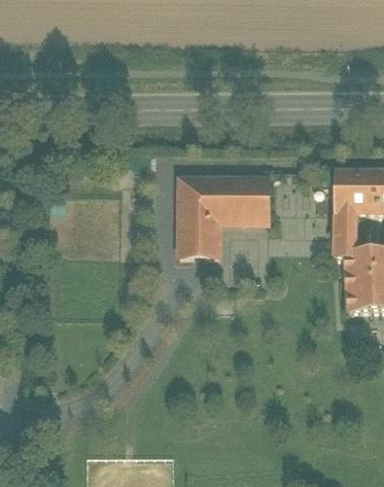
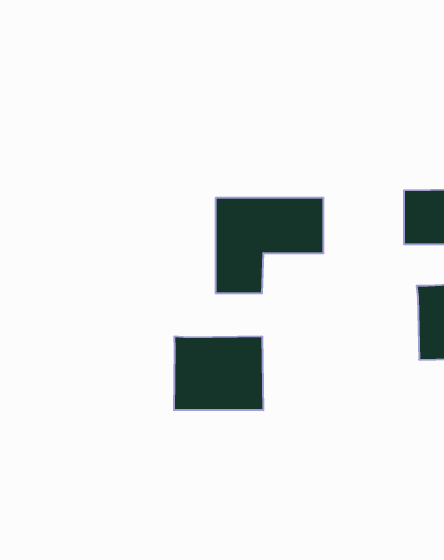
building: [333,214,352,257] -> none
building: none -> [174,336,263,410]

